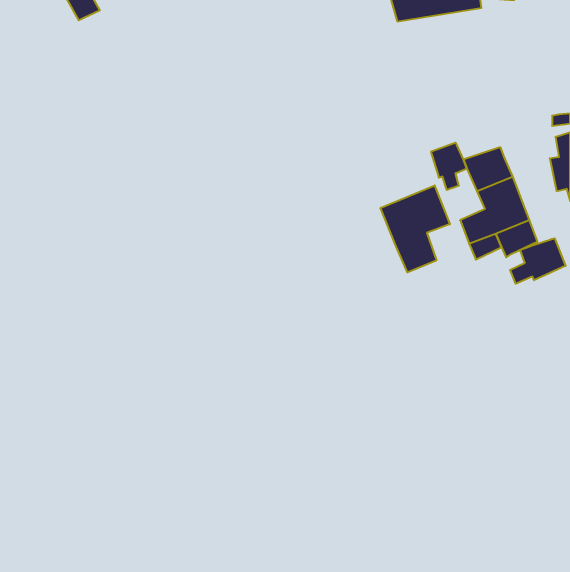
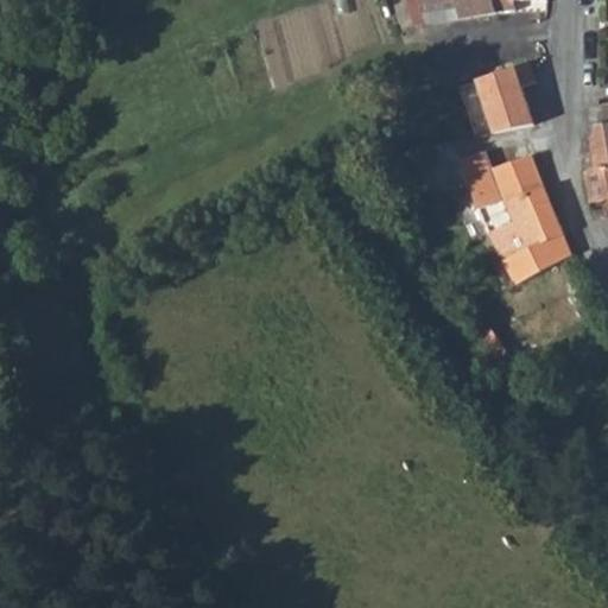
building: none -> [474,59,533,131]
building: [381,185,450,272] -> none
building: [510,238,566,284] -> none

